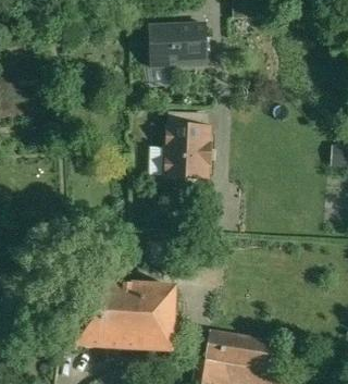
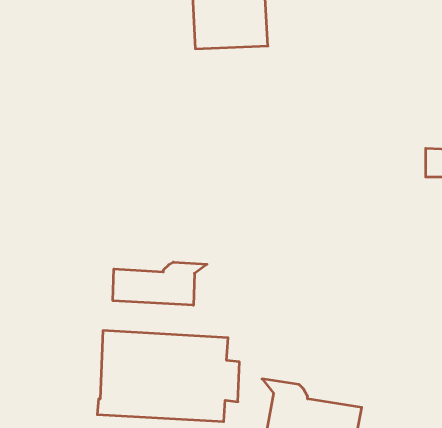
building: [165,126,210,178] -> none
building: none -> [113,262,207,305]

